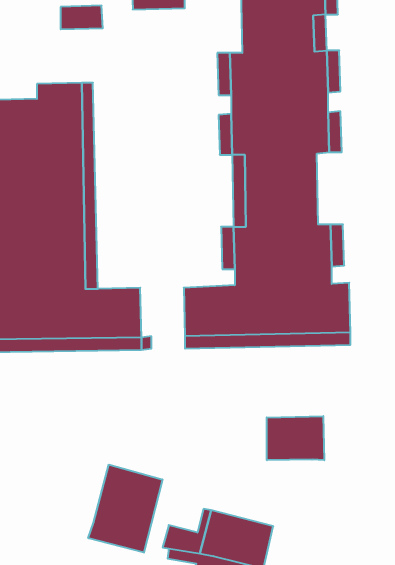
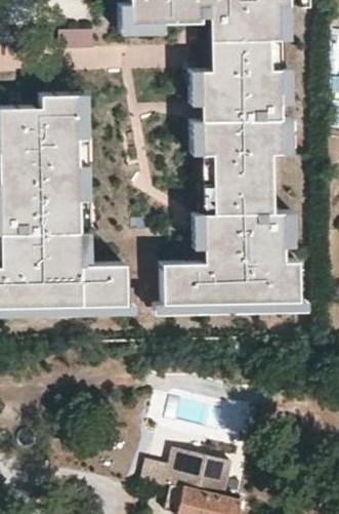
building: [267,416,324,460] -> none
building: [88,465,162,553] -> none

